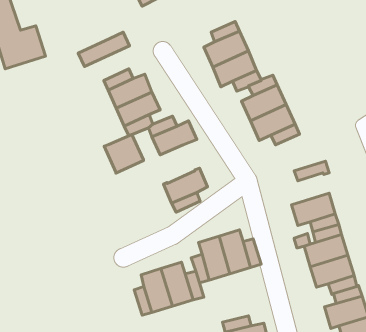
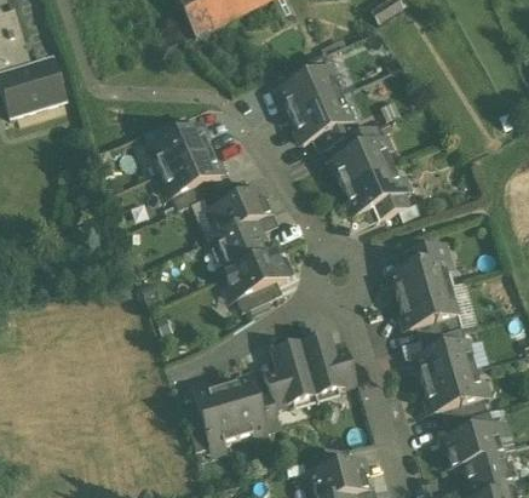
building: [78,32,129,67] -> none
building: [104,135,144,173] -> [214,221,268,273]
building: none -> [390,258,449,302]

